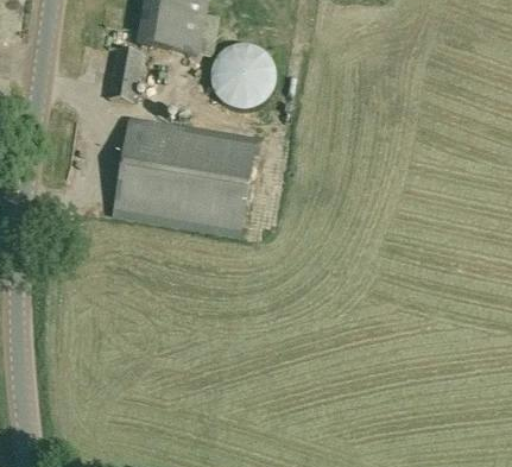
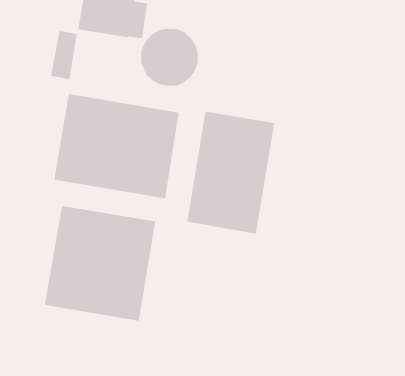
building: none -> [187,111,275,235]
building: none -> [44,205,156,321]

